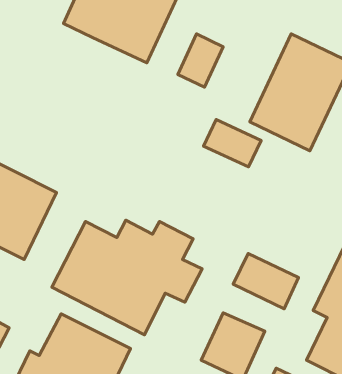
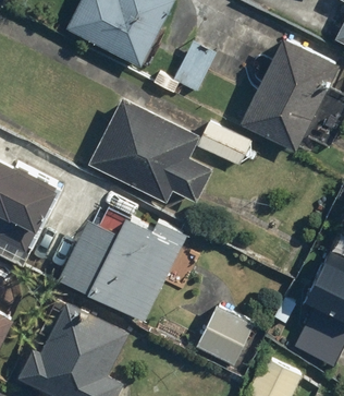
building: none -> [87,96,214,204]
building: [233,253,299,309] -> none

